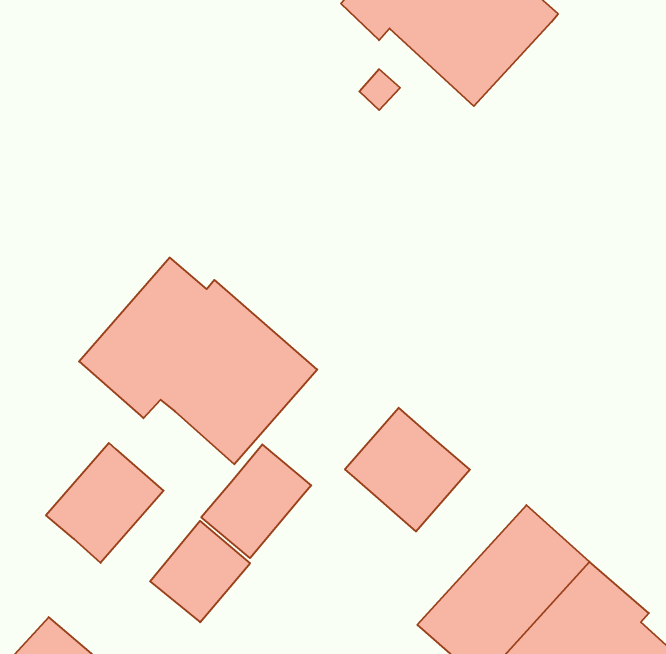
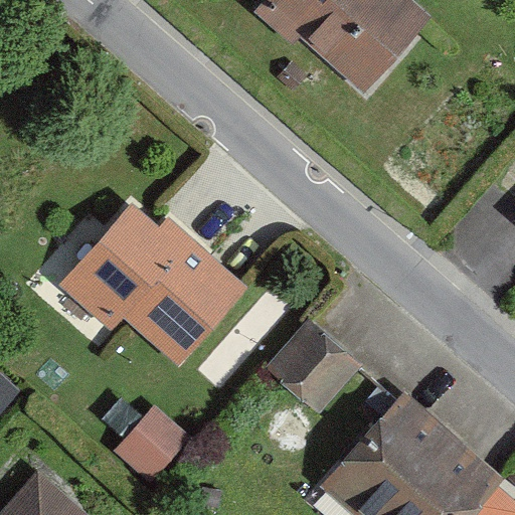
building: [46,443,164,563] -> none
building: [201,444,311,558] -> none

